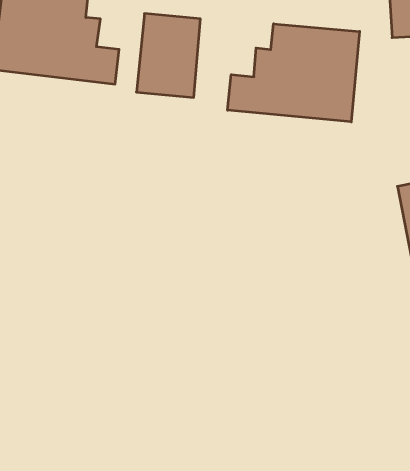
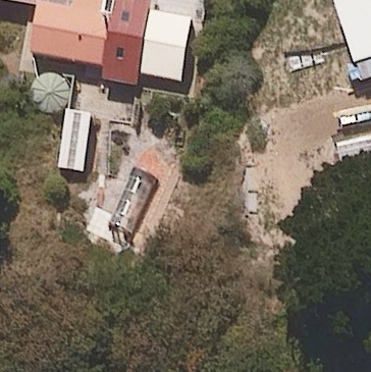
building: [228,24,360,122] -> none

